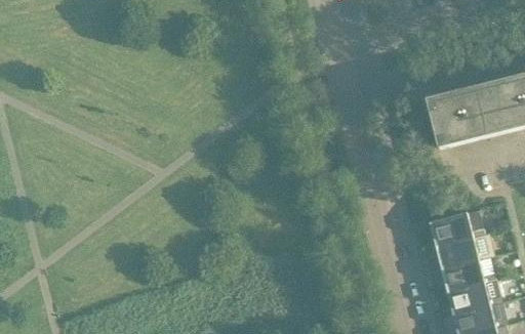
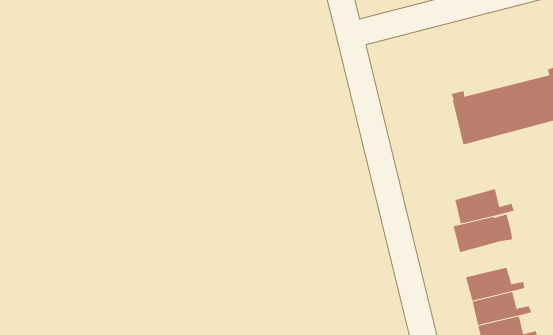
building: [434,233,489,265] -> [455,189,514,224]

